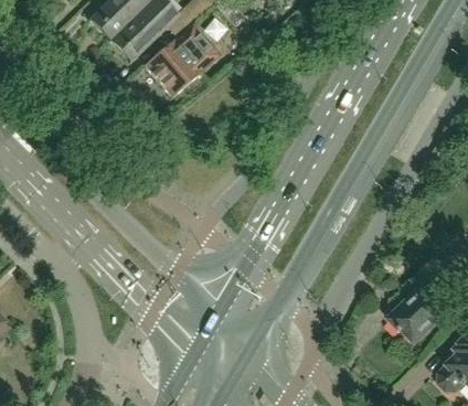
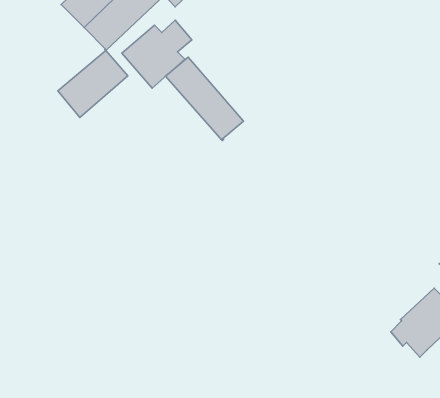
building: none -> [58,51,128,117]
building: none -> [166,57,244,140]

